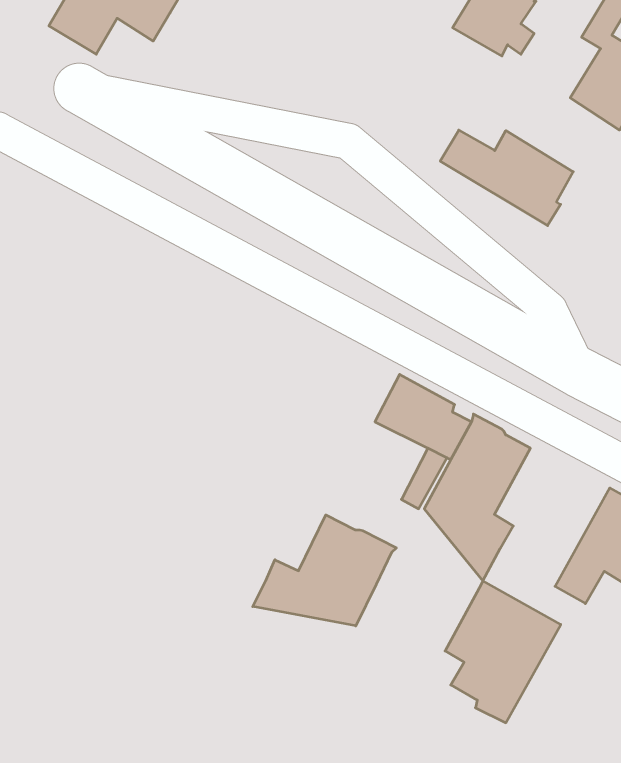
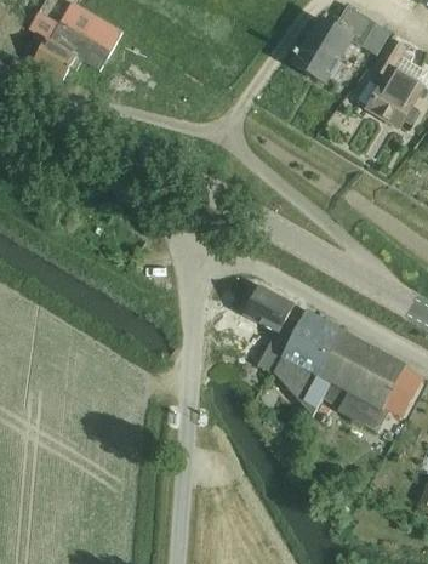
building: [440,130,573,226] -> none
building: [253,515,396,626] -> none
building: [445,581,561,723] -> [318,329,392,420]

